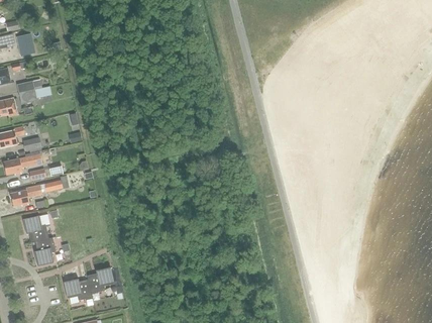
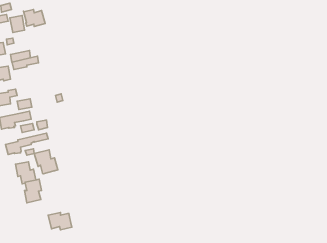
building: none -> [24,9,45,27]
building: none -> [34,150,58,174]
building: [86,266,113,293] -> none

